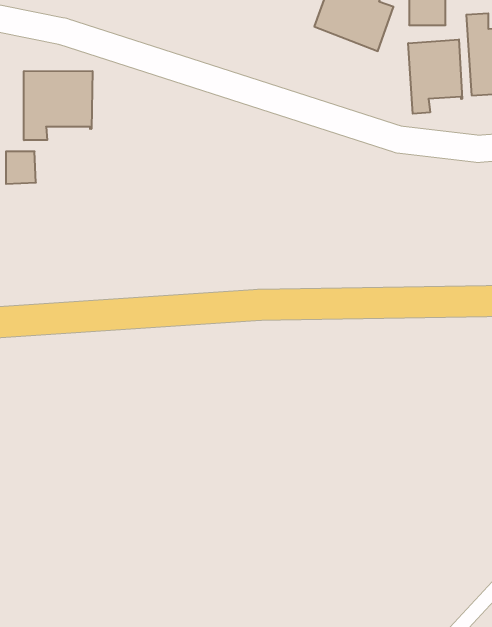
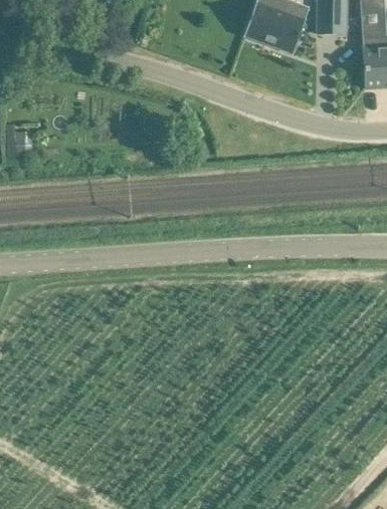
building: [408,39,462,114] -> none
building: [24,71,92,140] -> none

